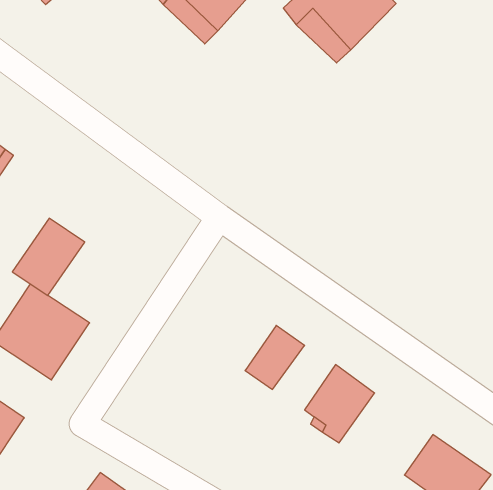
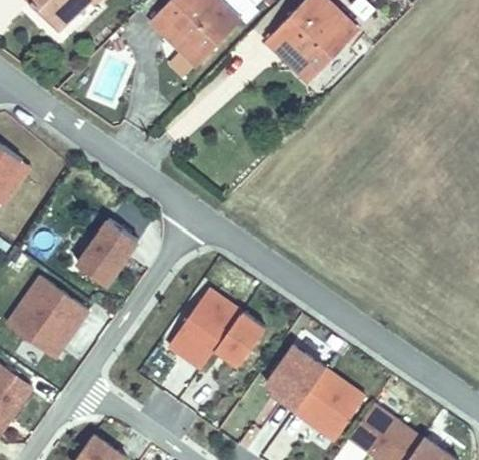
building: [12,218,85,296] -> [75,220,136,286]
building: none -> [172,289,246,369]
building: none -> [298,368,370,440]

